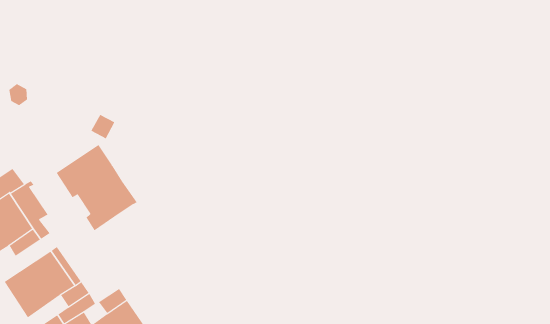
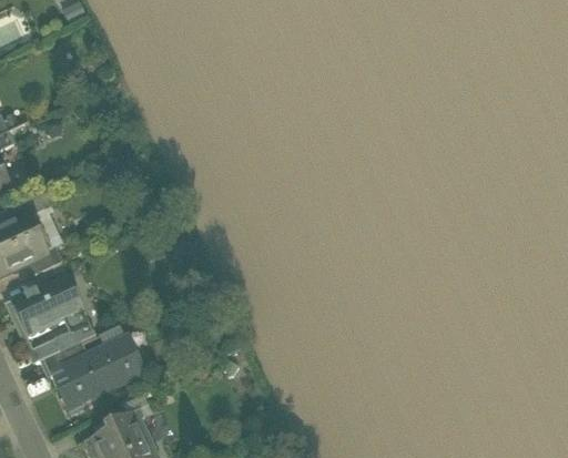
building: [56,144,137,231] -> none

